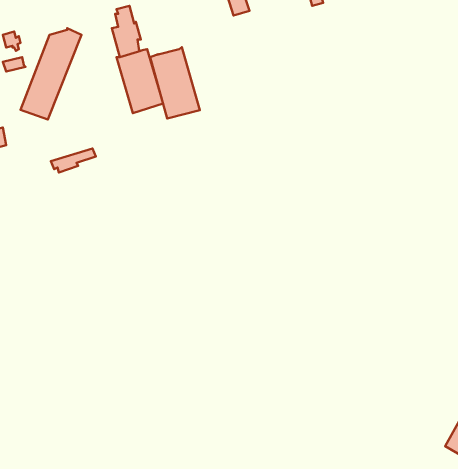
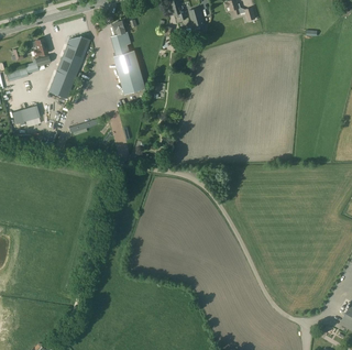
building: [150,47,200,118] -> none

